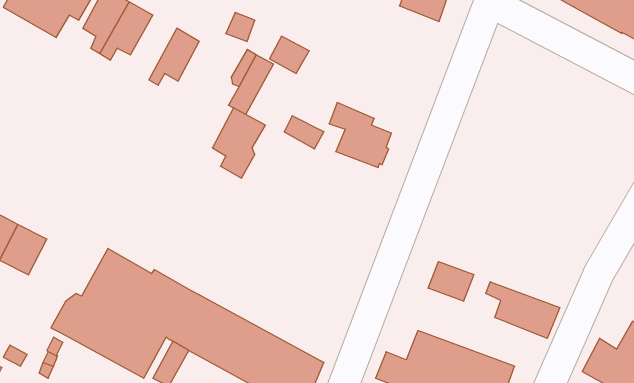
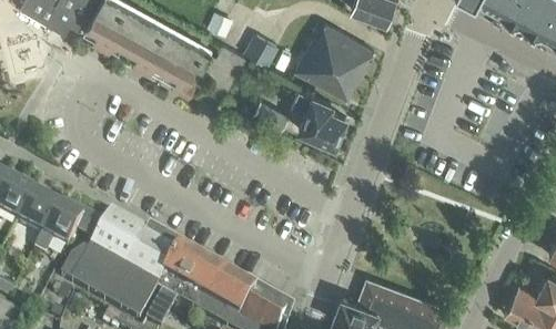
building: none -> [127,16,165,70]
building: none -> [294,23,374,99]
building: [212,108,265,178] -> [166,38,211,96]
building: none -> [33,201,97,254]
building: [428,262,474,301] -> none
building: [486,282,560,338] -> none

